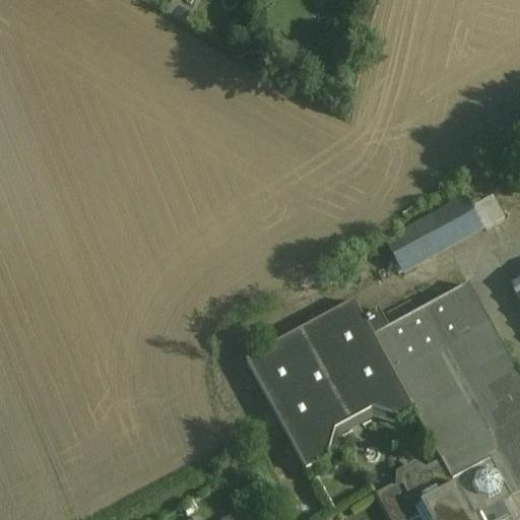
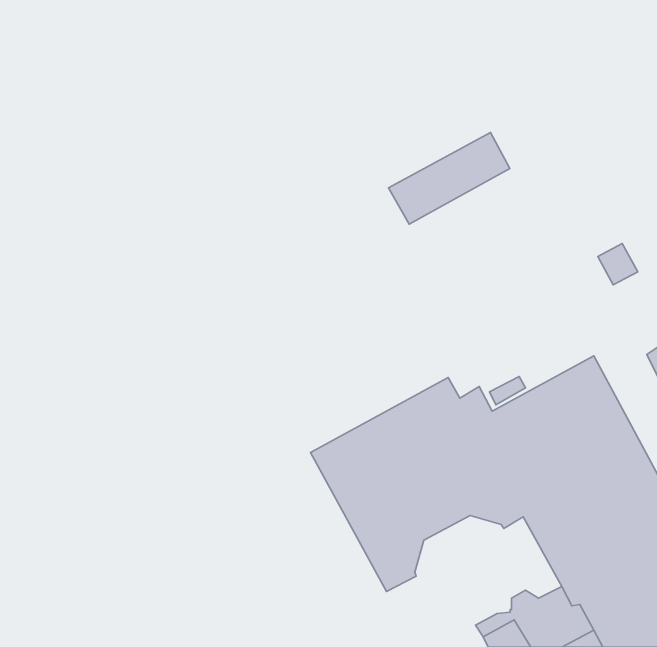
building: [385,194,480,266] -> [389,133,510,224]

